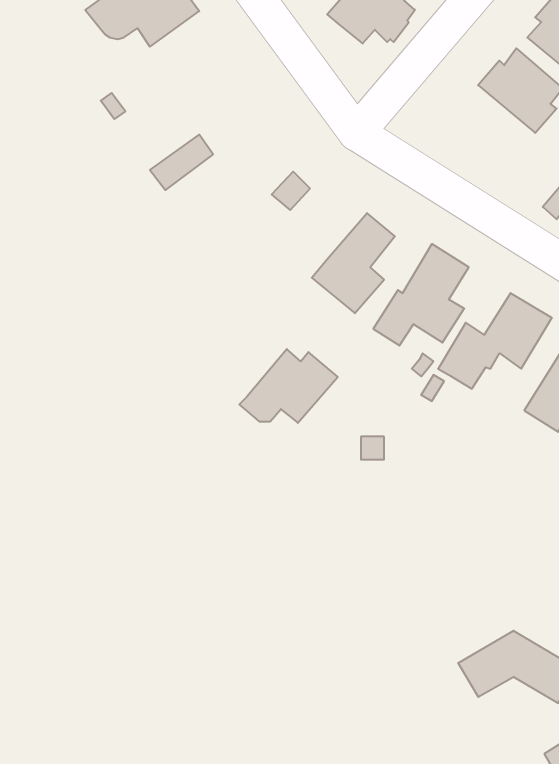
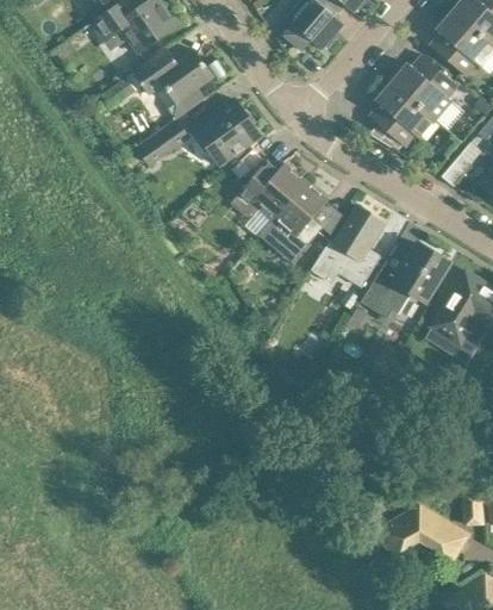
building: none -> [133,49,213,118]
building: none -> [369,82,436,147]
building: none -> [189,101,261,164]
building: [239,349,338,423] -> [230,160,306,217]

